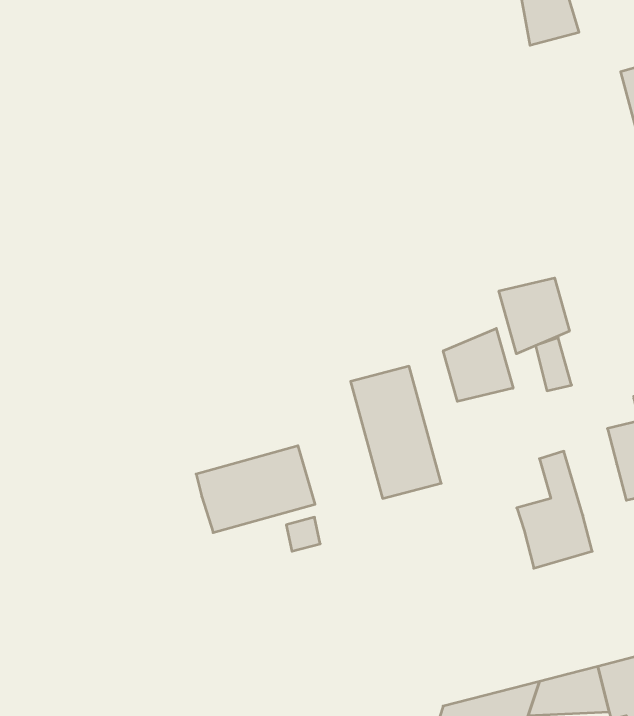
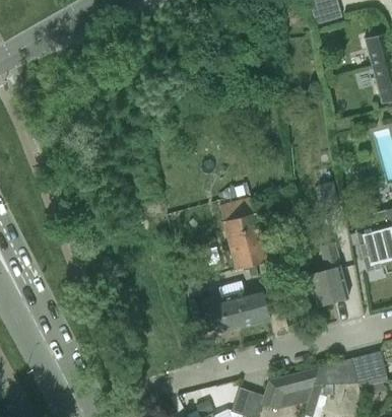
building: [499,278,569,354] -> none
building: [443,328,513,401] -> none
building: [196,446,315,533] -> [207,287,271,334]

